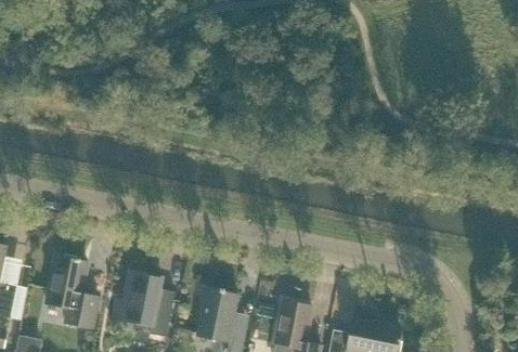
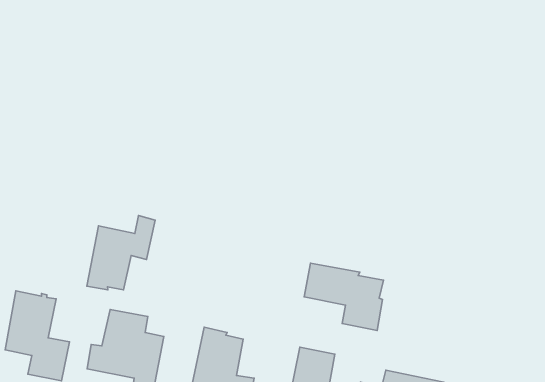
building: none -> [87,216,155,290]
building: none -> [304,263,383,331]

